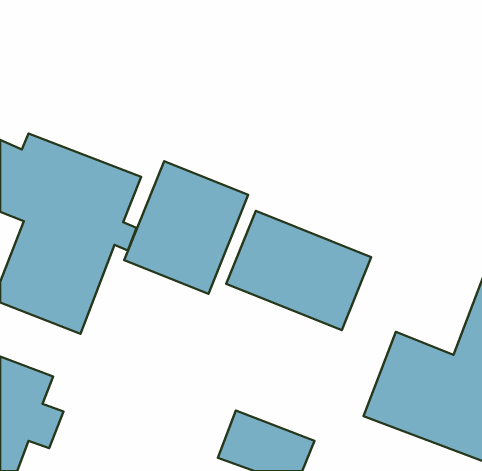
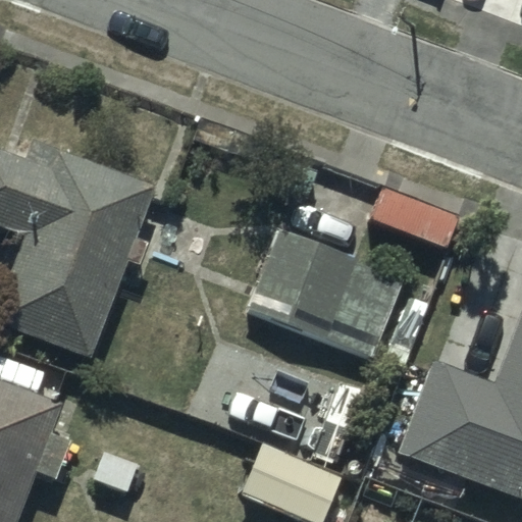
building: [124,161,248,294] -> none

